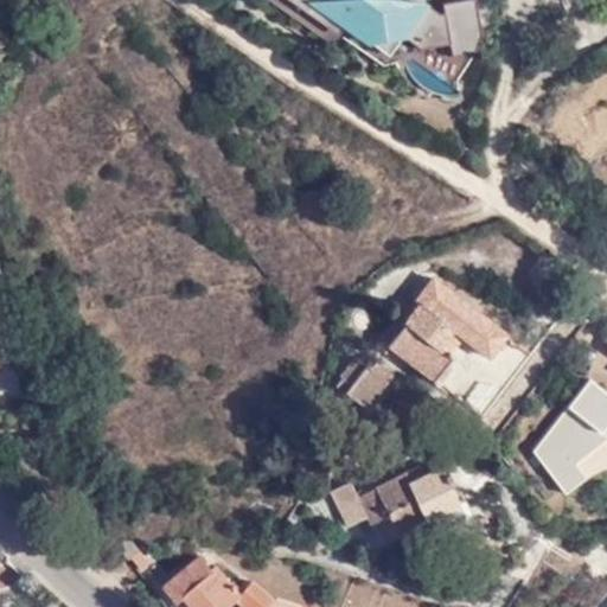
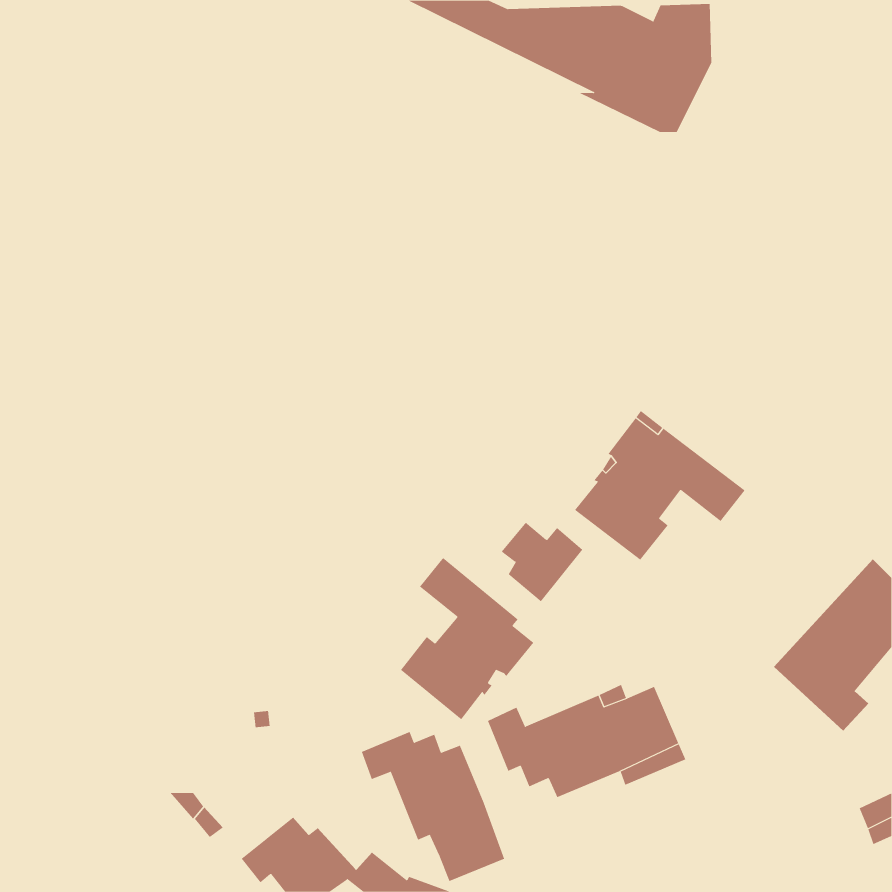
building: none -> [400,557,534,720]
building: none -> [361,731,505,882]

